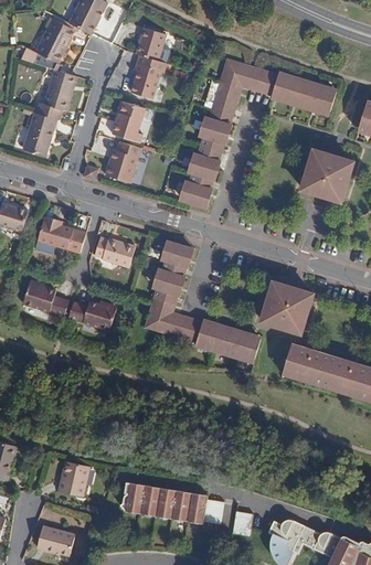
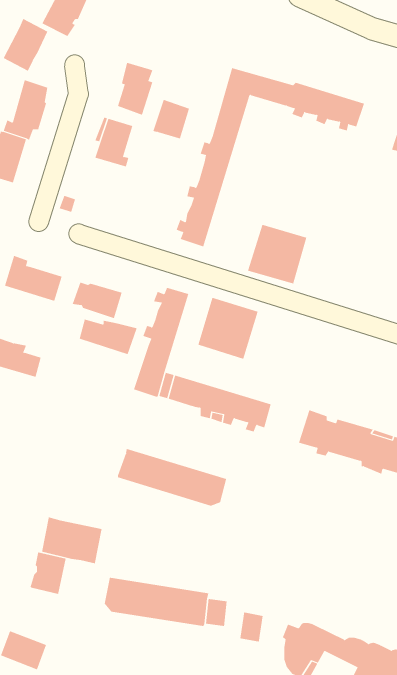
building: [135,28,166,61] -> [152,99,190,139]
building: [105,141,140,183] -> none
building: [303,152,352,202] -> [247,224,307,284]
building: [261,281,311,333] -> [197,297,259,360]
building: [68,301,117,331] -> [79,319,137,355]
building: none -> [117,448,227,506]
building: none -> [41,517,102,564]

